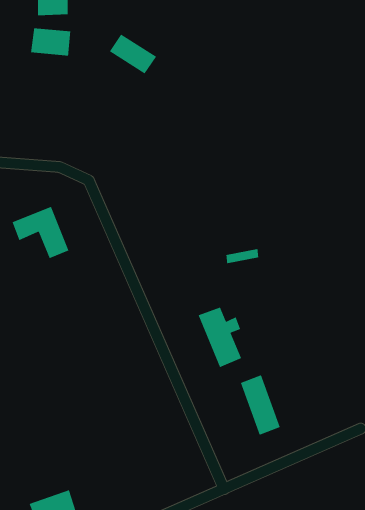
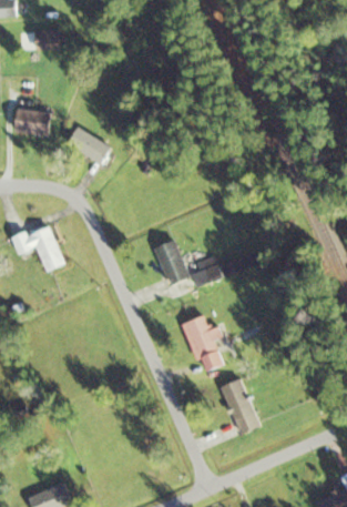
building: [30,27,71,56] -> [12,108,50,134]
building: [109,33,157,75] -> [65,125,110,163]
building: none -> [153,239,188,285]

